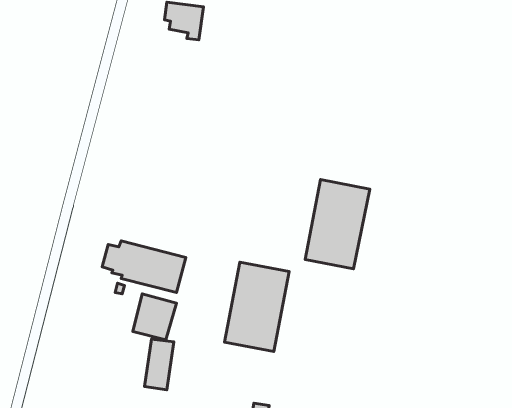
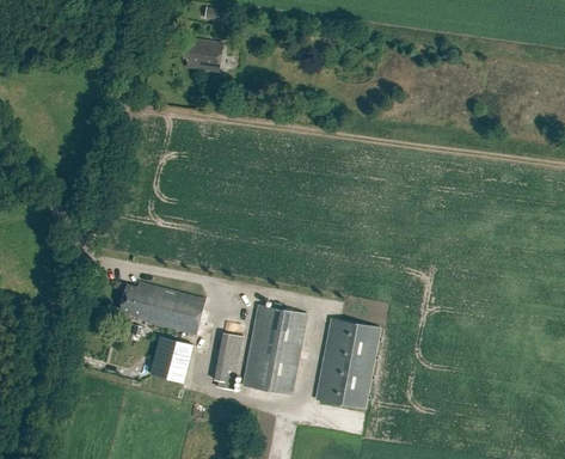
building: [305,180,370,269] -> [315,318,381,409]
building: [145,339,174,390] -> [211,332,241,384]

